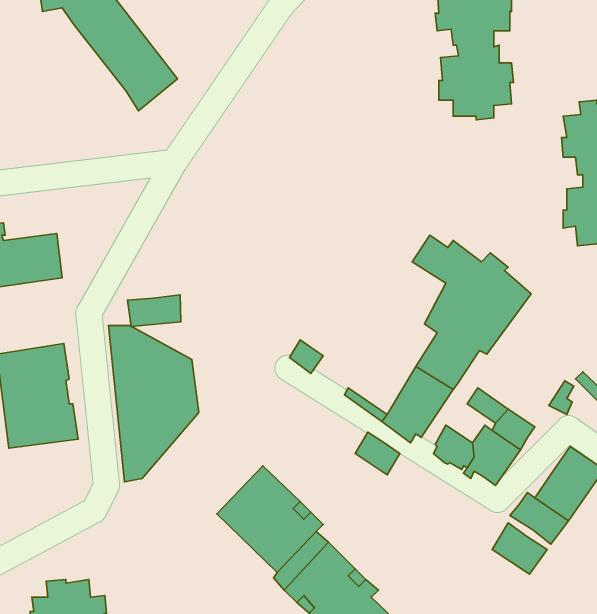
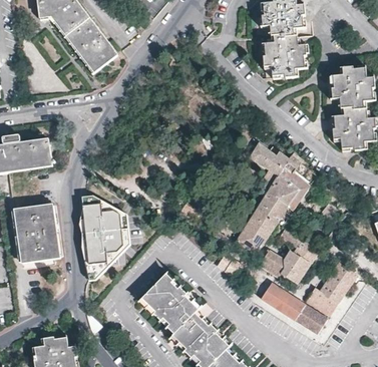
building: [128,295,181,326] -> none
building: none -> [261,283,303,319]

